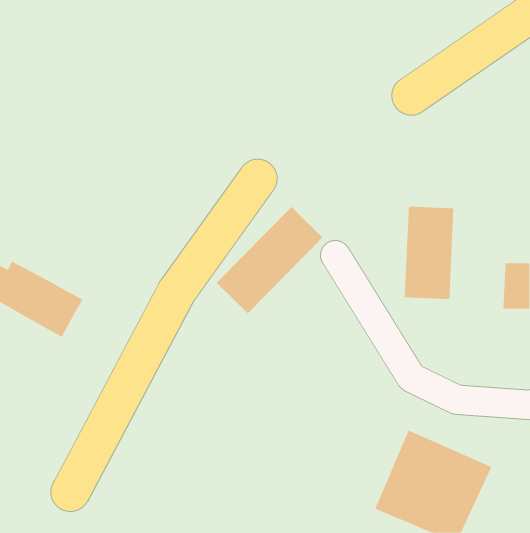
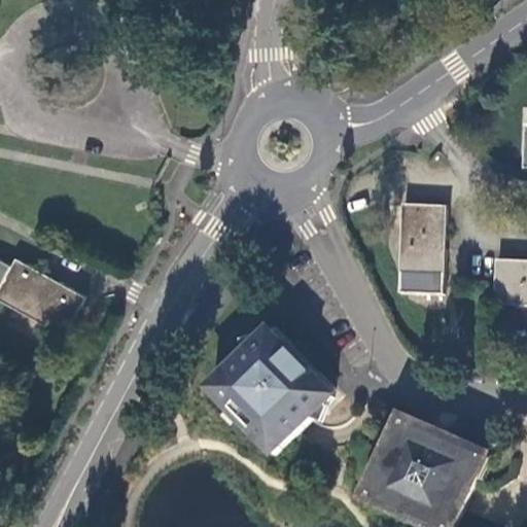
building: [216,206,323,314] -> none
building: none -> [208,326,341,454]

